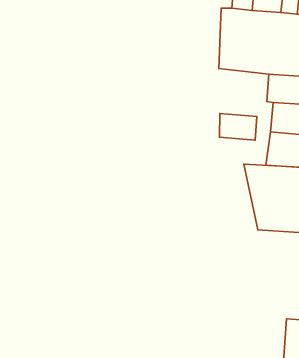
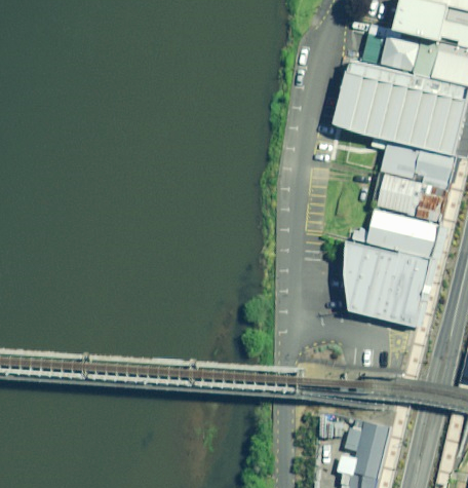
building: [219,113,257,140] -> none

